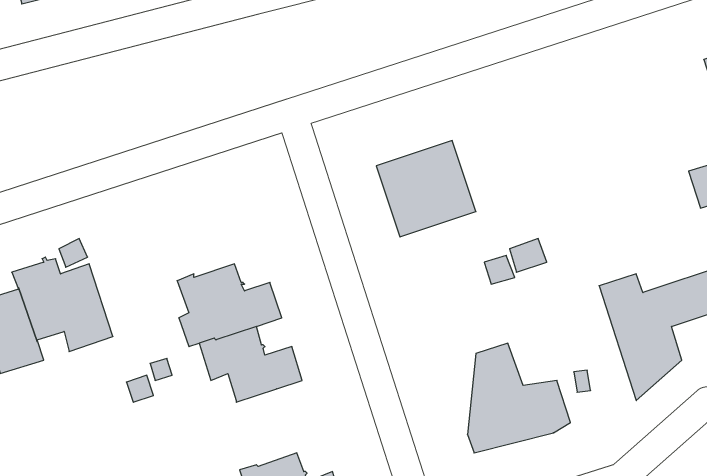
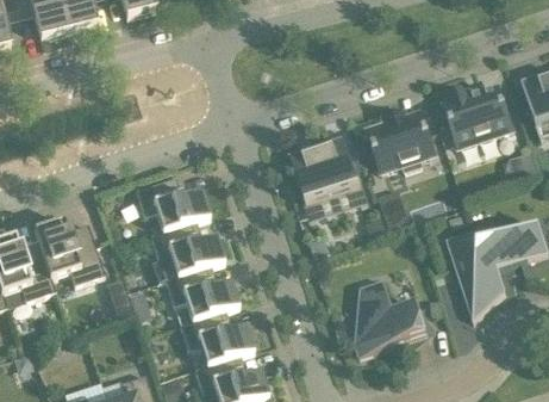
building: none -> [444,84,513,147]
building: none -> [367,110,436,171]
building: none -> [136,175,210,231]
building: none -> [180,310,254,365]

